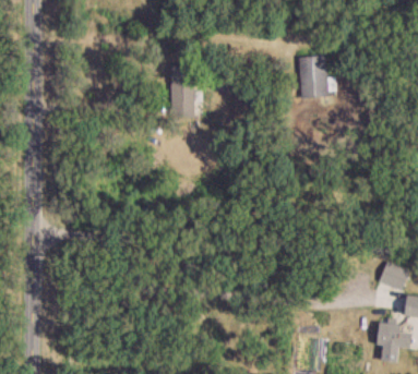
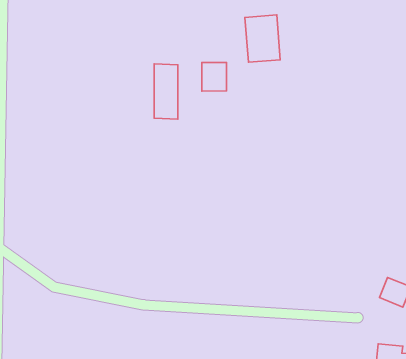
building: [298,56,331,99] -> [245,15,280,62]
building: none -> [202,62,227,91]

